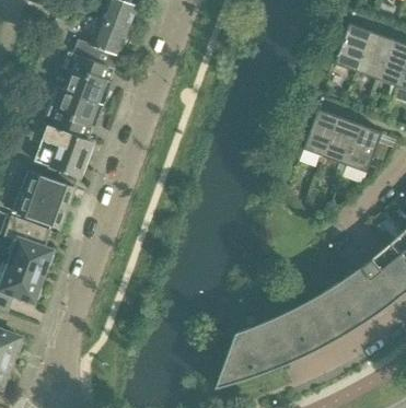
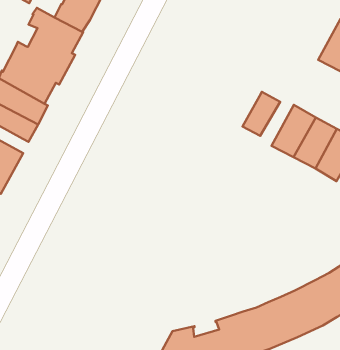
building: none -> [243,92,280,136]

